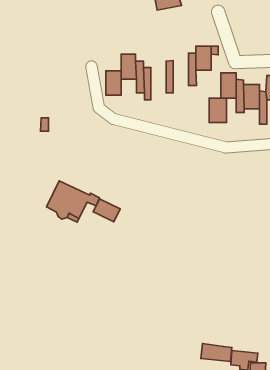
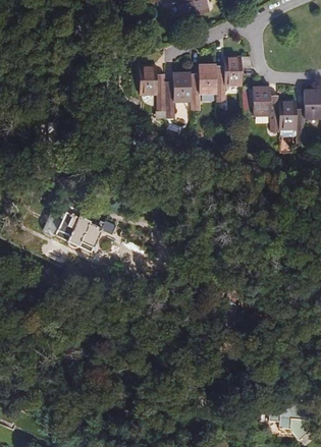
building: none -> [198,65,215,93]
building: [106,71,121,95] -> [172,74,190,102]
building: [209,98,227,122] -> none
building: [93,199,120,222] -> none
building: [201,344,232,361] -> none

